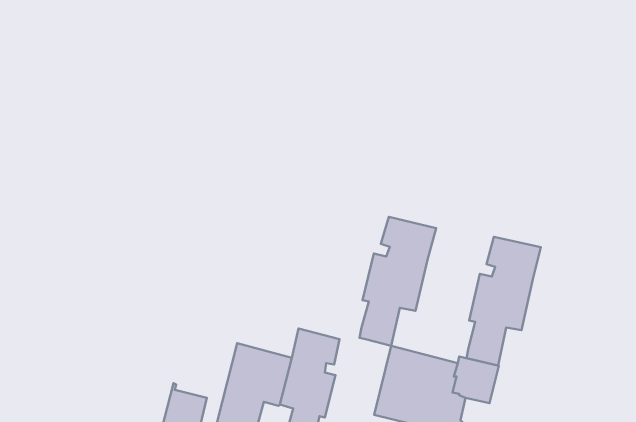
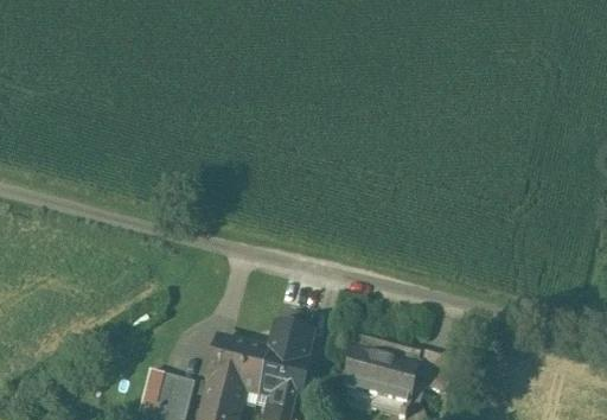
building: [359,217,436,346] -> none
building: [467,237,541,366] -> none

